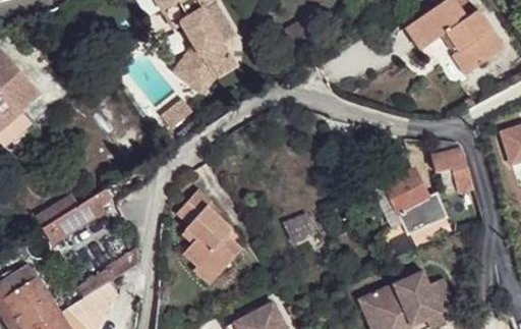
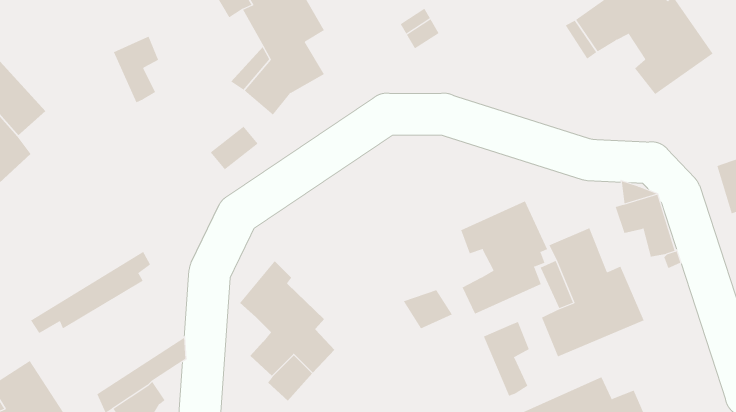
building: none -> [113,36,159,103]
building: none -> [460,201,548,315]
building: none -> [483,321,530,397]

